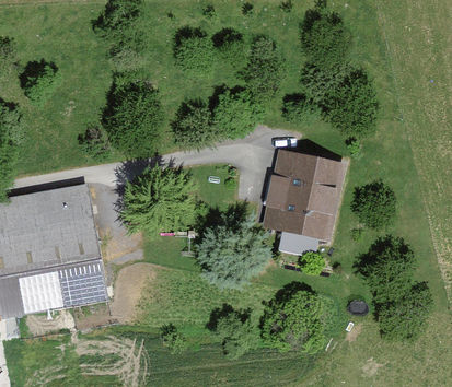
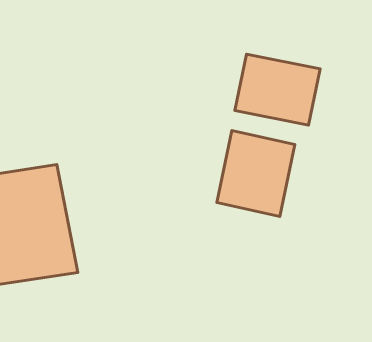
building: none -> [235,54,320,125]

